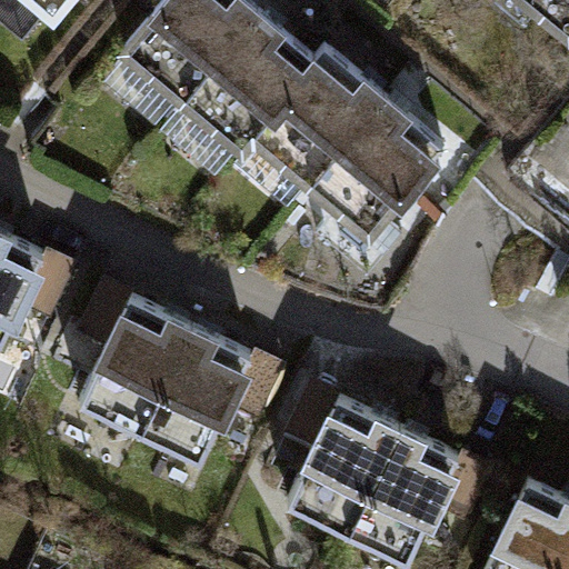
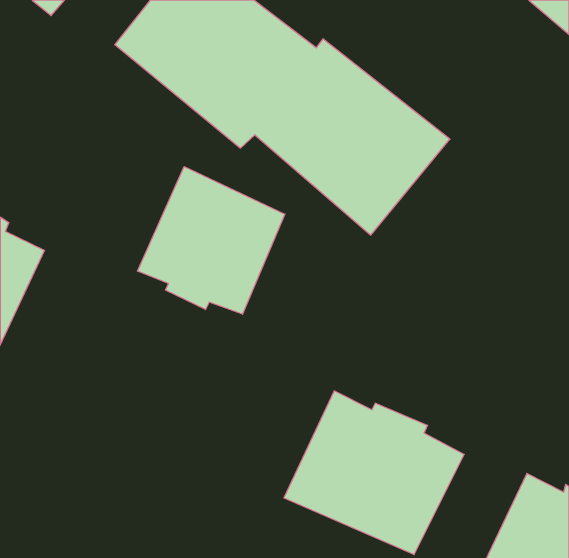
building: none -> [138,167,285,314]
building: [79,303,252,463] -> none

